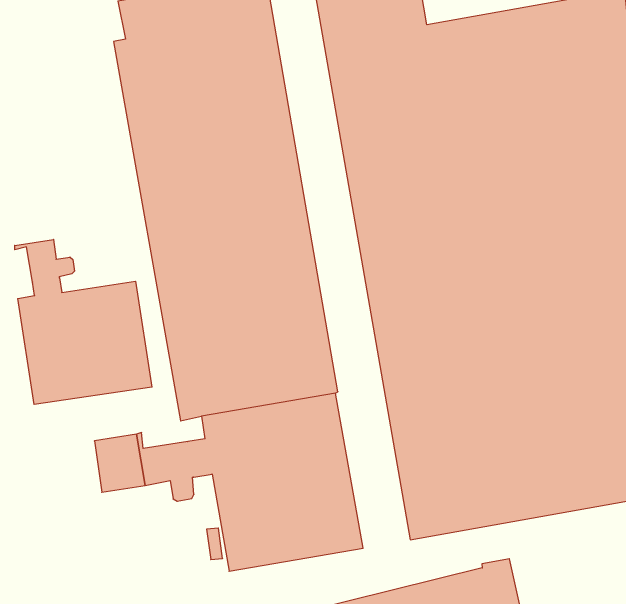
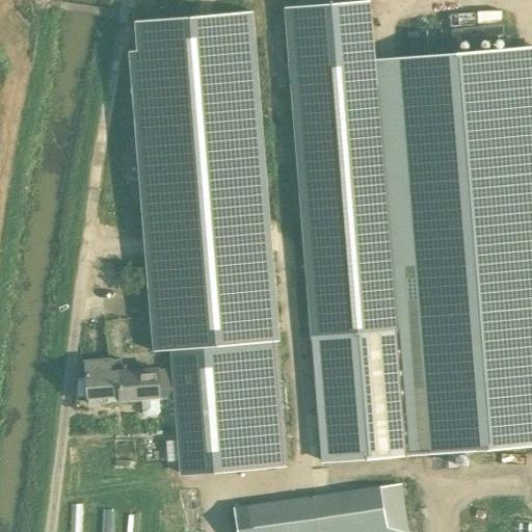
building: [15,239,152,404] -> none

